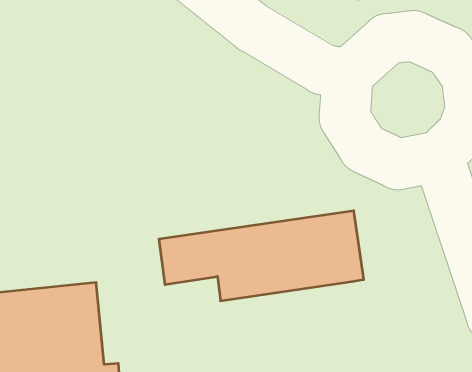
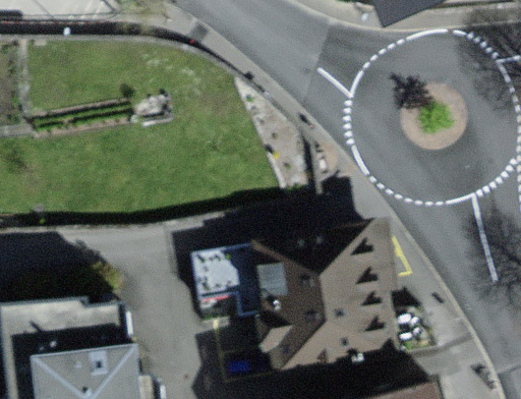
building: none -> [252,301,444,383]

